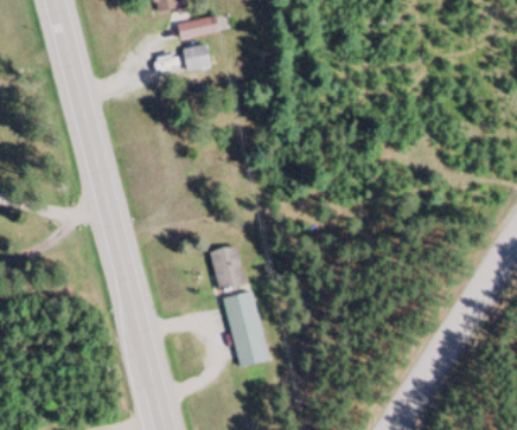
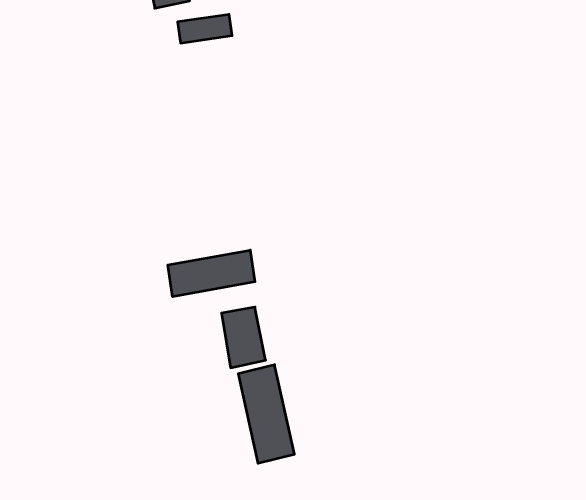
building: [181,44,211,71] -> none
building: none -> [168,250,255,297]

